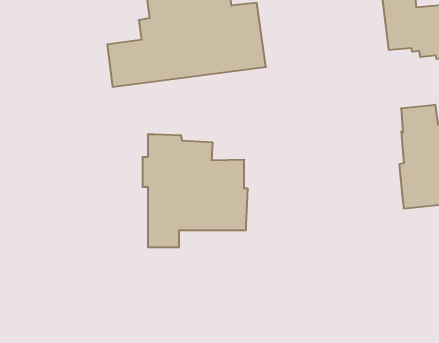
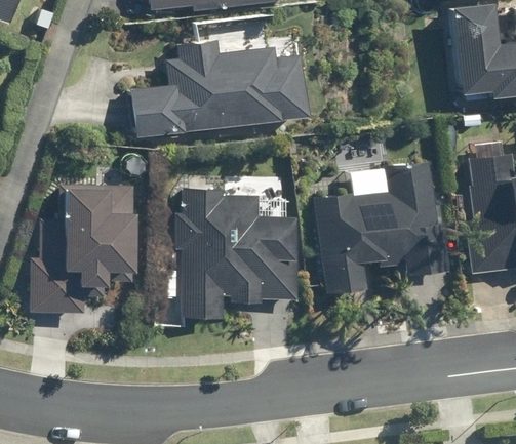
building: none -> [316,163,440,294]
building: none -> [30,187,128,312]

